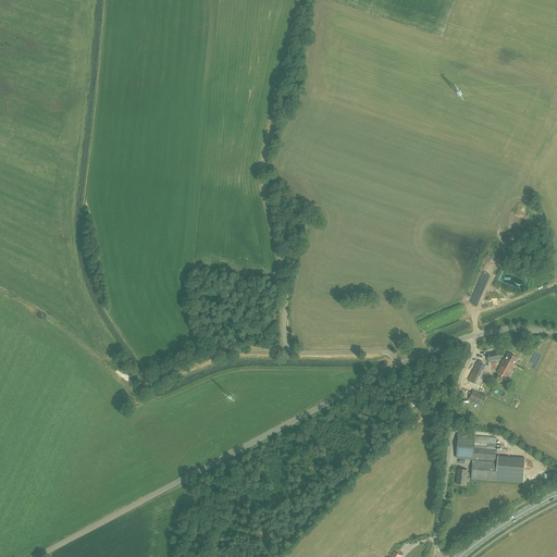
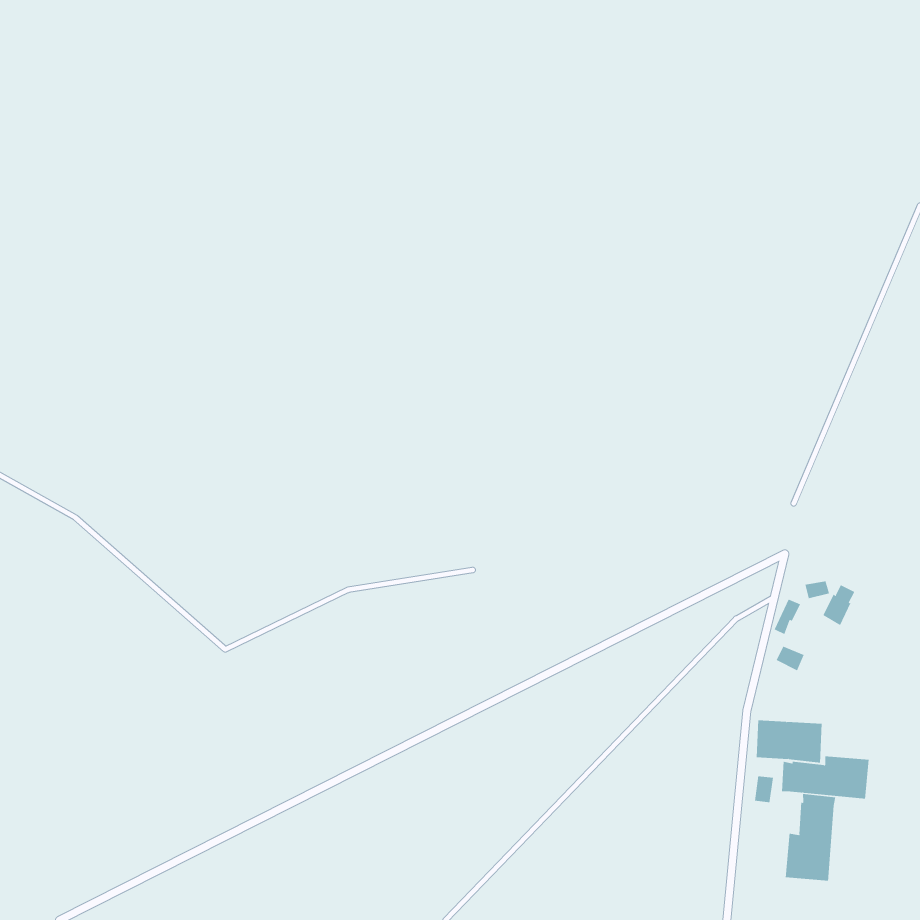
building: none -> [785,793,836,881]

